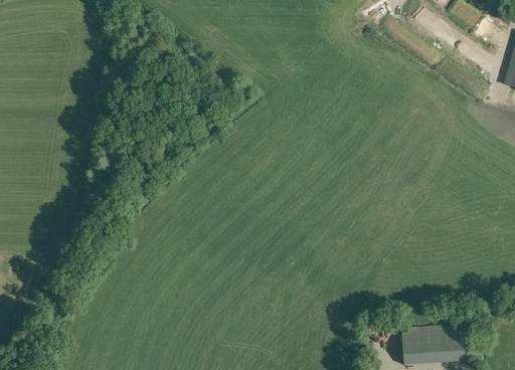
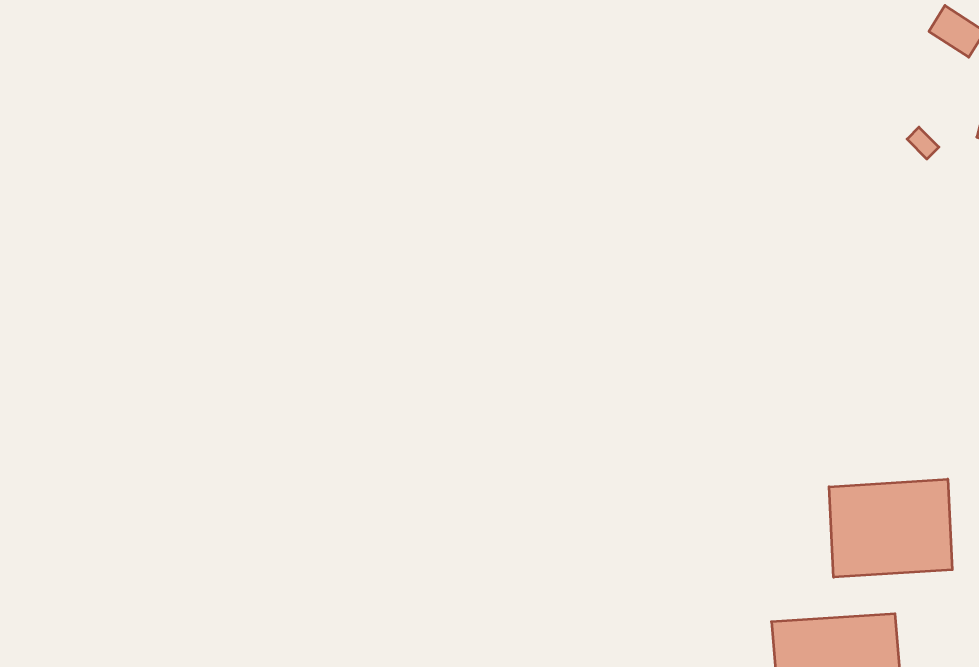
building: none -> [829,479,952,577]

